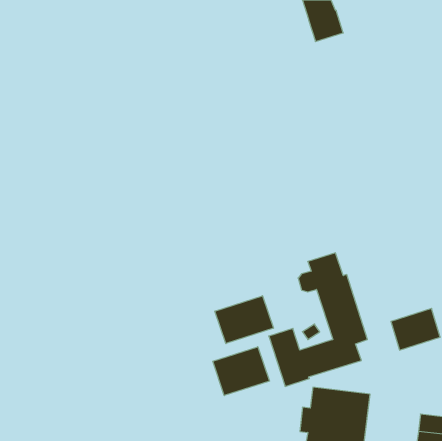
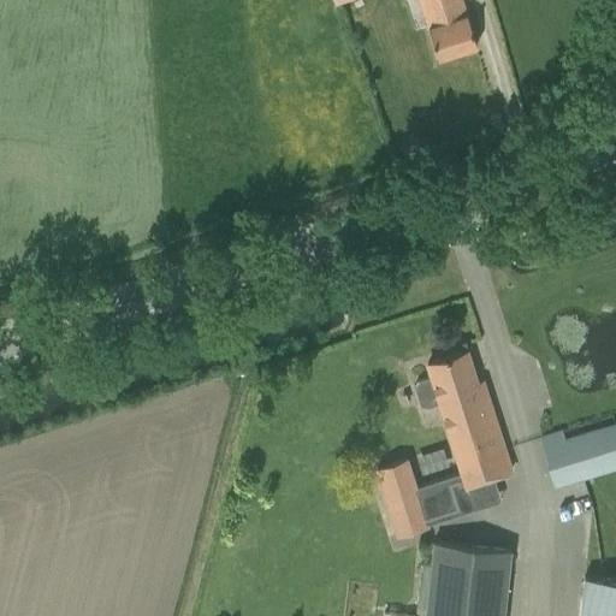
building: [215,296,273,344] -> none
building: [213,347,269,396] -> none

